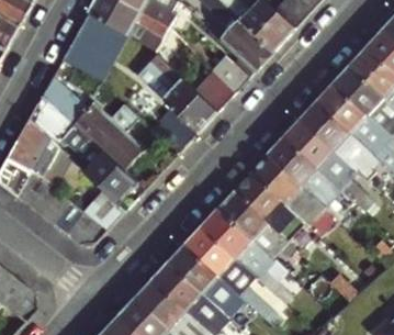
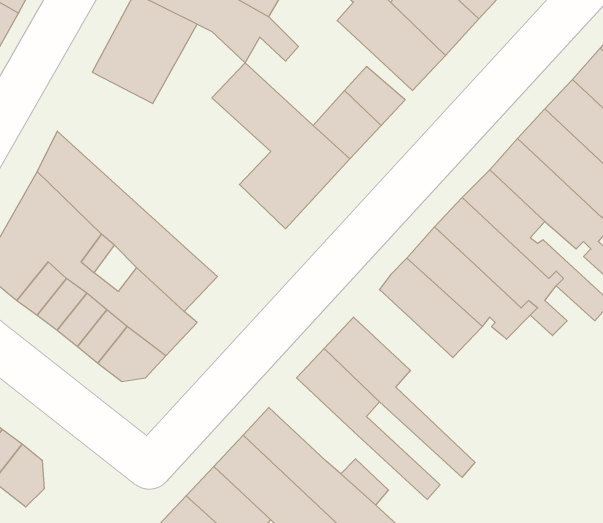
building: [42,76,143,169] -> none
building: [218,189,304,263] -> none
building: [168,242,218,291] -> none

